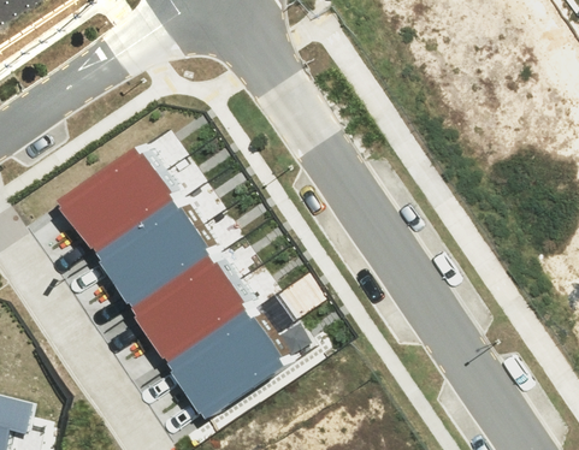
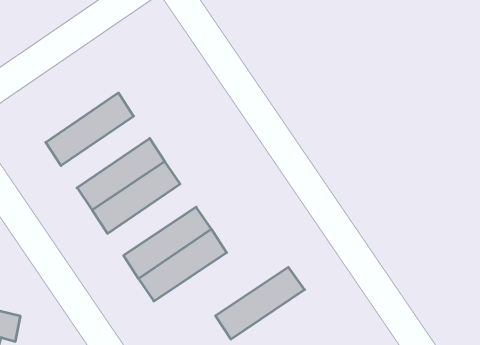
building: [73,172,179,257] -> none
building: [129,253,235,338] -> none
building: [184,334,290,420] -> [216,267,305,339]

